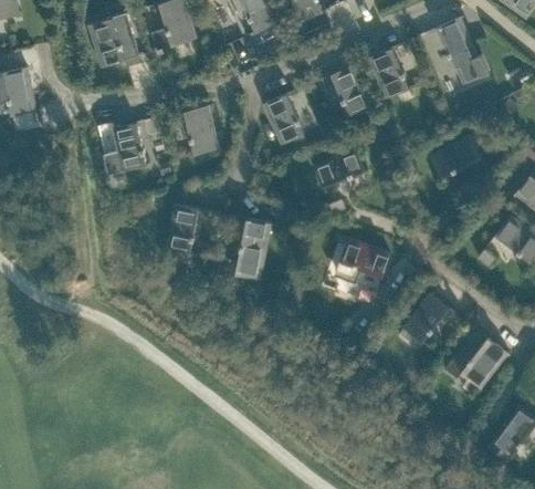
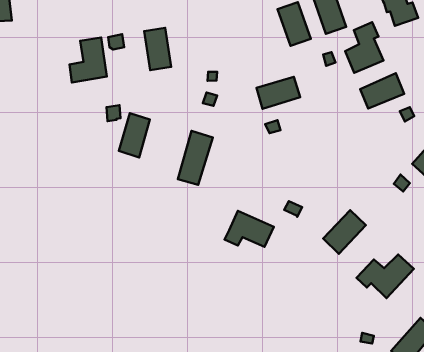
building: none -> [345,22,384,73]
building: [264,95,304,145] -> none
building: [336,240,390,279] -> [225,211,274,247]

